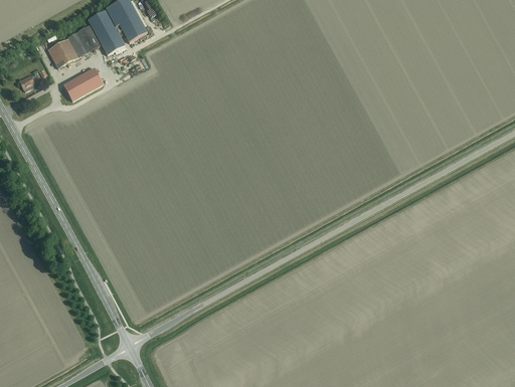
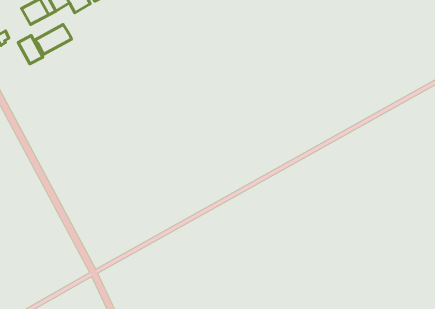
building: none -> [18,36,43,64]

